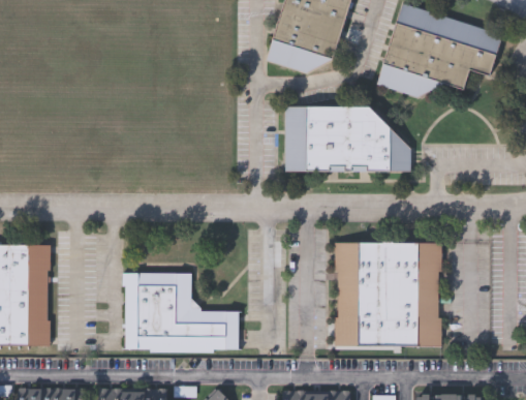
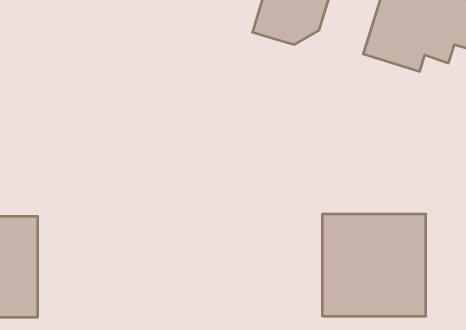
building: [285,107,411,173] -> none
building: [124,274,239,352] -> none

